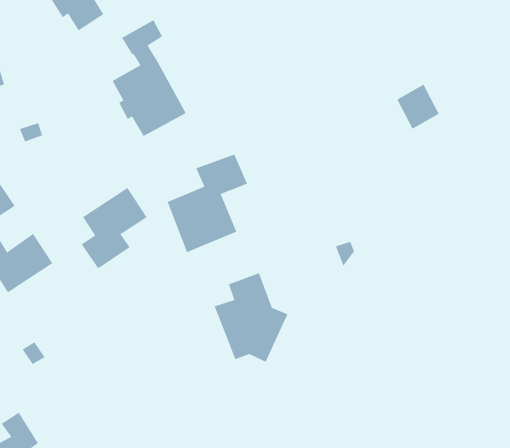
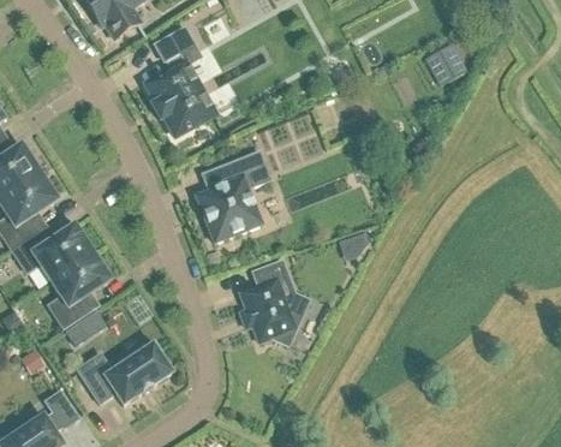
building: [396,84,440,130] -> [426,41,466,83]
building: [81,187,148,269] -> [49,251,111,327]
building: none -> [78,332,172,404]

